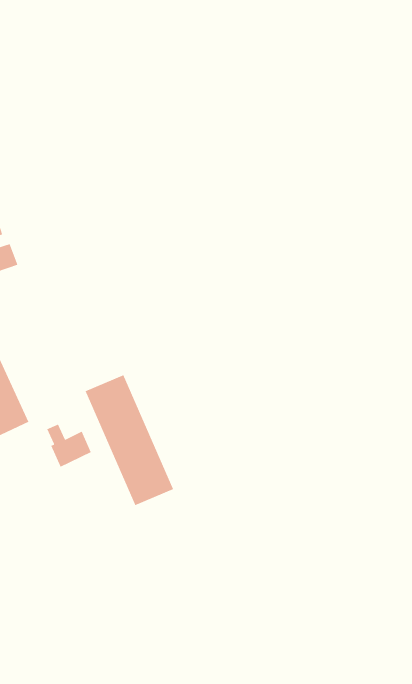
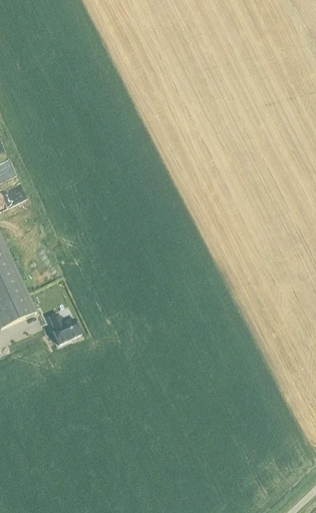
building: [85,374,174,506] -> none

